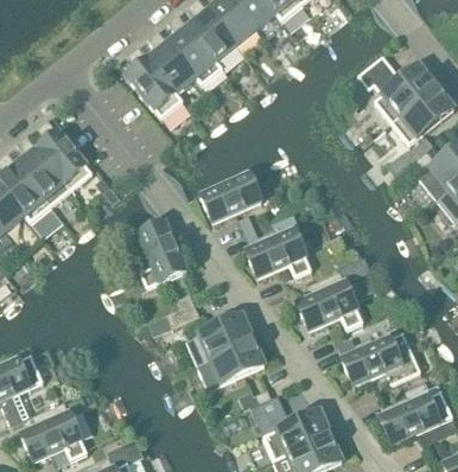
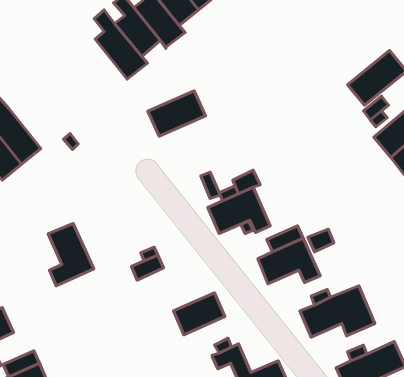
building: [358,55,435,122] -> none
building: [37,117,93,189] -> none
building: [201,174,261,222] -> [148,91,206,136]
building: [139,223,186,288] -> [48,223,94,286]
building: [186,314,253,364] -> none

